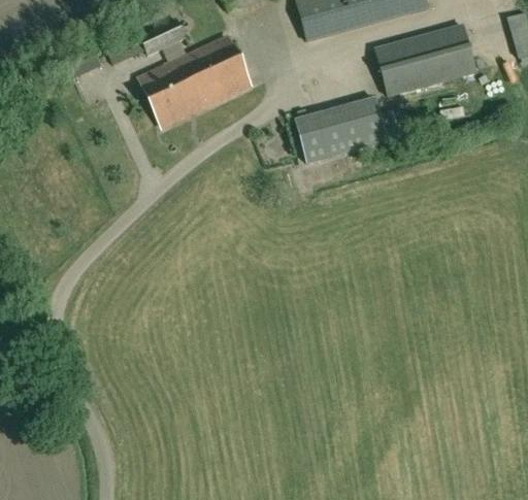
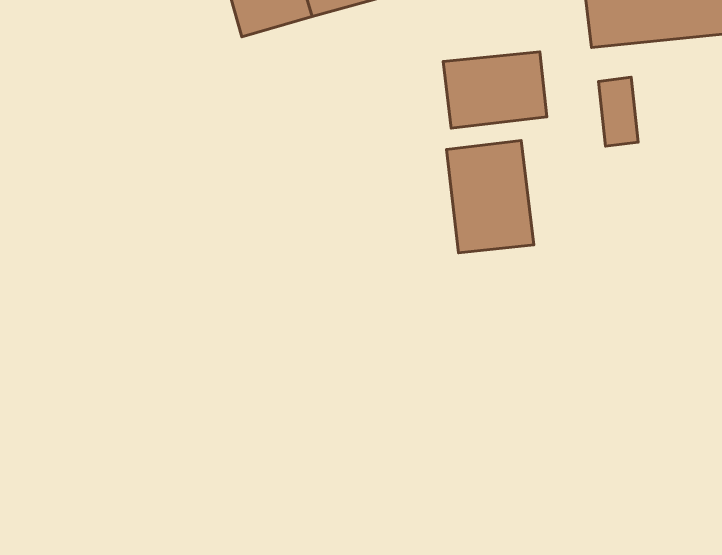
building: [356,97,388,144] -> [599,77,638,146]
building: none -> [447,141,534,253]

